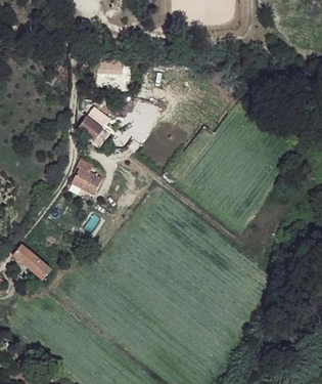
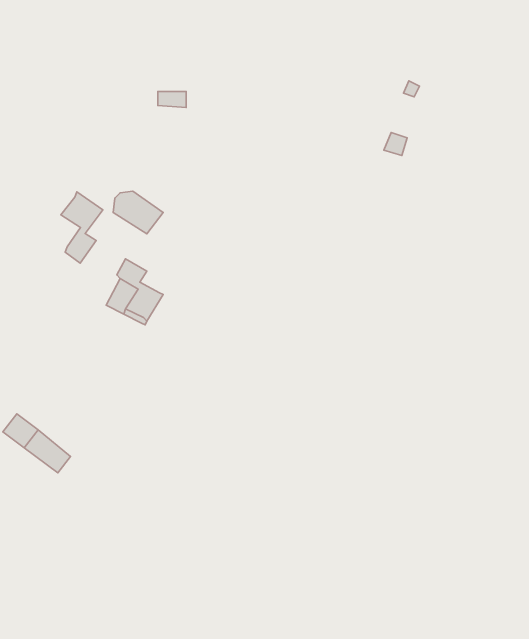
building: none -> [61,192,103,263]

